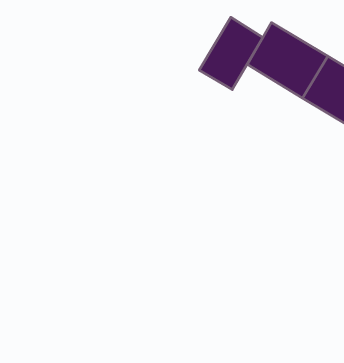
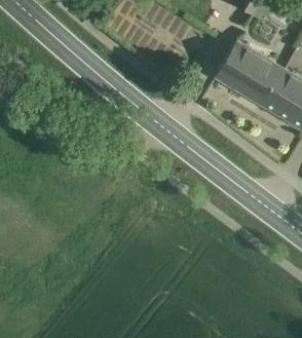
building: [199,17,263,90] -> none

